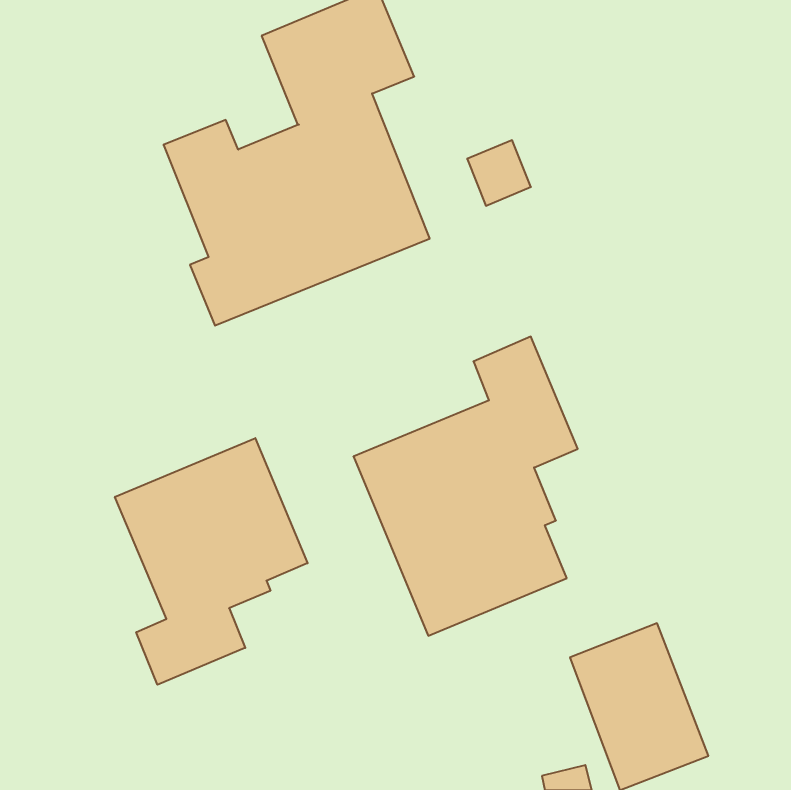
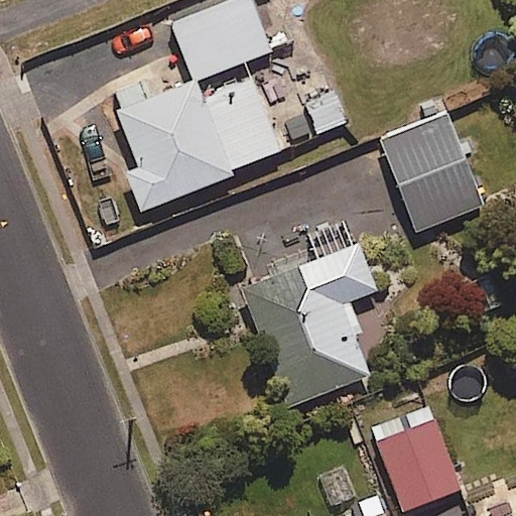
building: none -> [380,112,483,232]
building: [115,438,308,685] -> none

